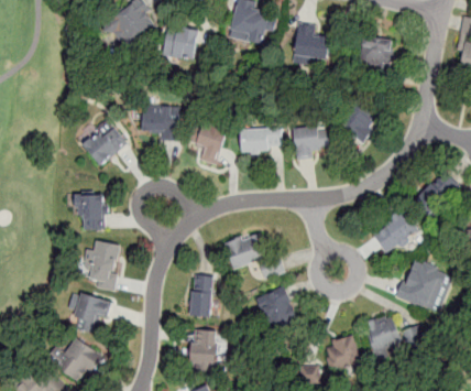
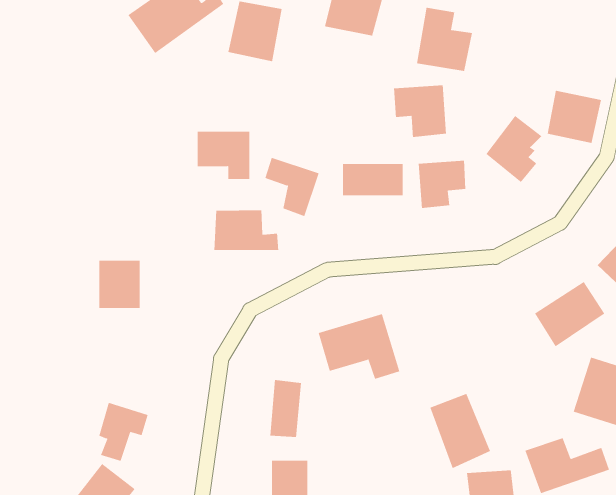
building: [358,35,395,72] -> [547,90,602,143]
building: none -> [394,84,446,138]
building: [79,119,127,165] -> none
building: none -> [214,209,279,251]
building: [78,240,121,290] -> none
building: [255,286,297,338] -> [430,393,491,469]

